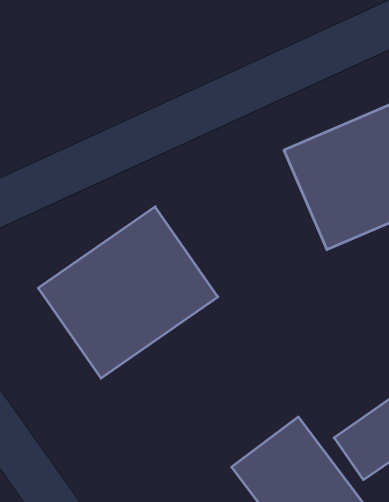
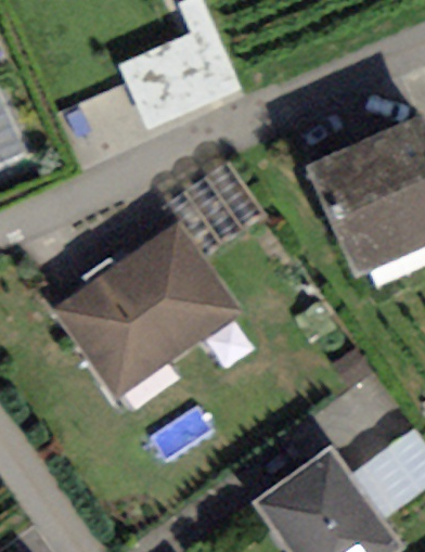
building: none -> [123,23,237,125]

